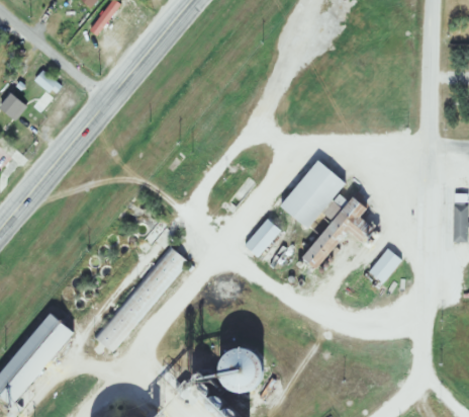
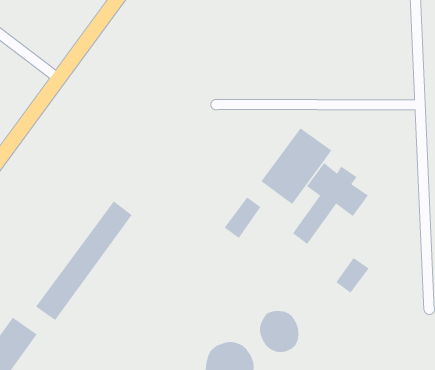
building: [95,247,187,351] -> [35,201,132,321]
building: [370,248,401,280] -> [335,257,370,294]
building: none -> [259,310,299,353]

